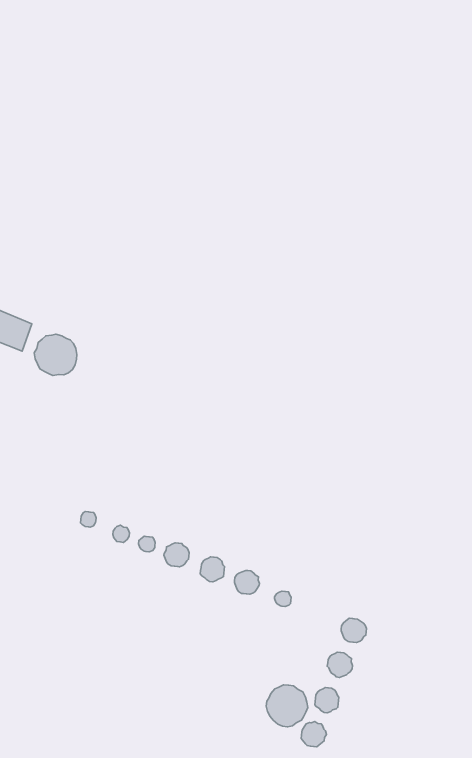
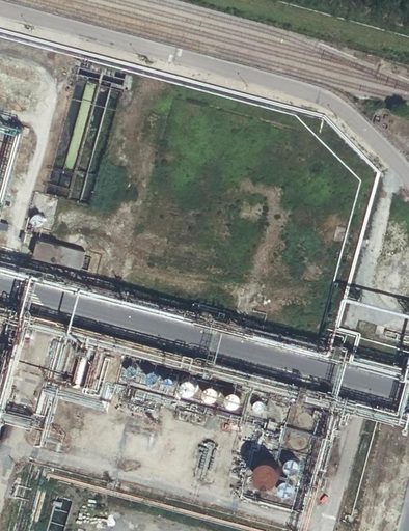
building: [34,334,77,375] -> none

